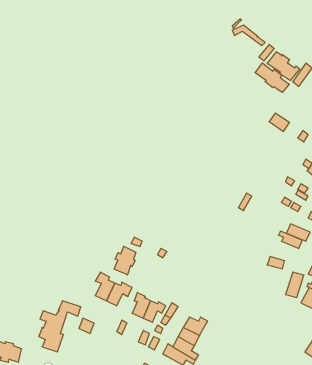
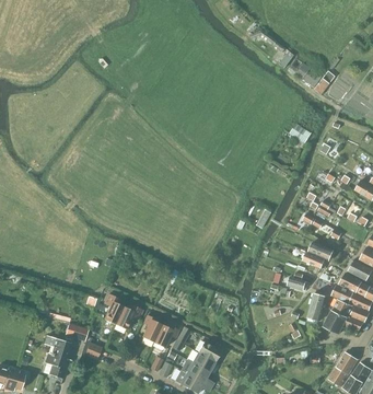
building: [255,63,289,92] -> none
building: [114,246,136,275] -> none

